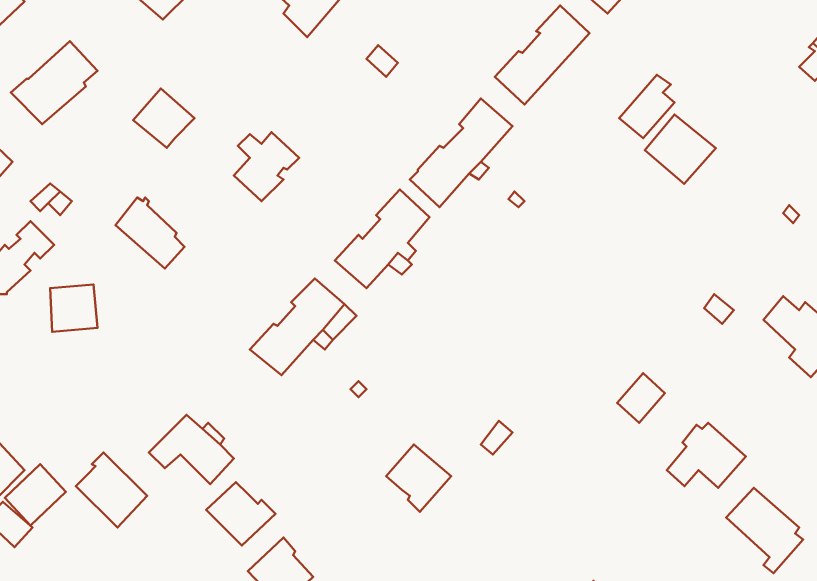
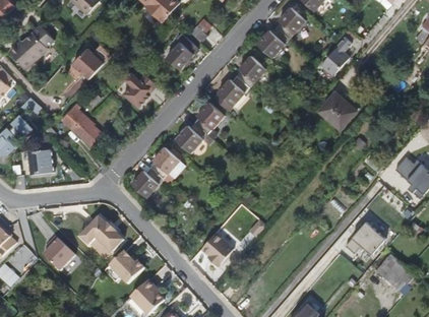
building: none -> [167,33,198,68]
building: [645,115,716,184] -> [321,91,358,127]

